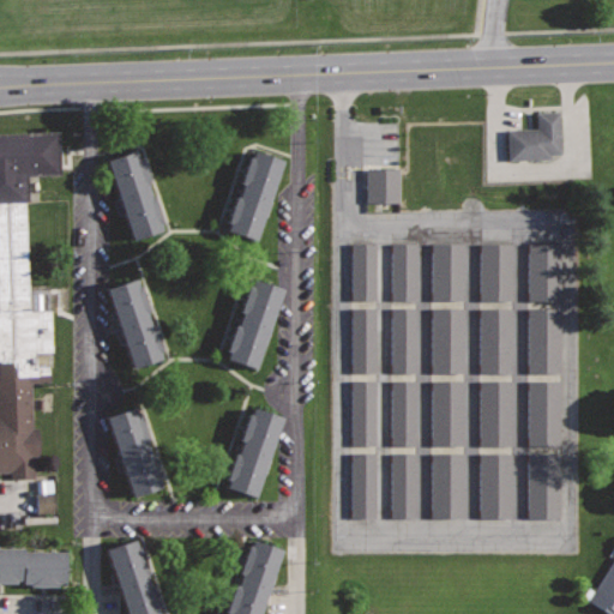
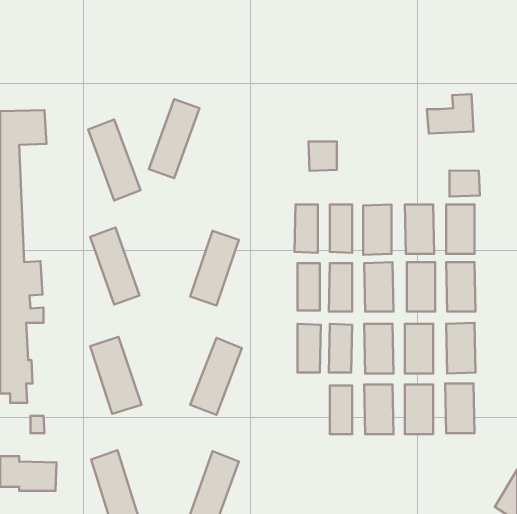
building: [225,146,285,240] -> [149,99,199,178]
building: none -> [449,171,480,196]
building: [351,459,378,516] -> none

